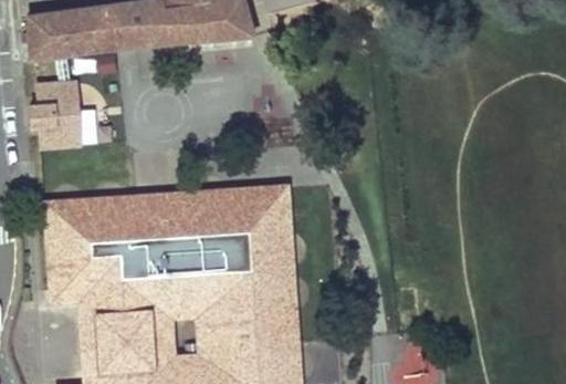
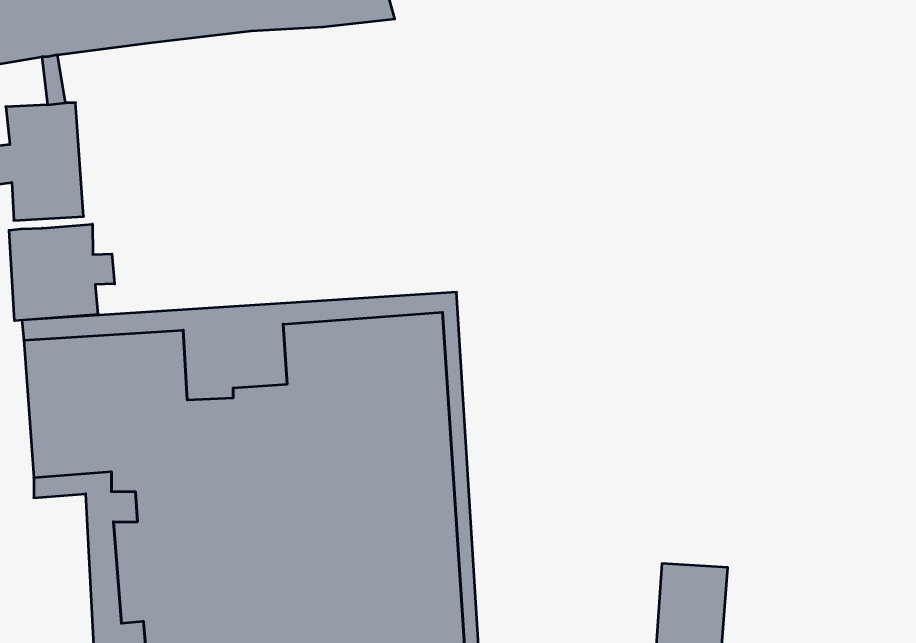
building: none -> [9,224,115,321]

